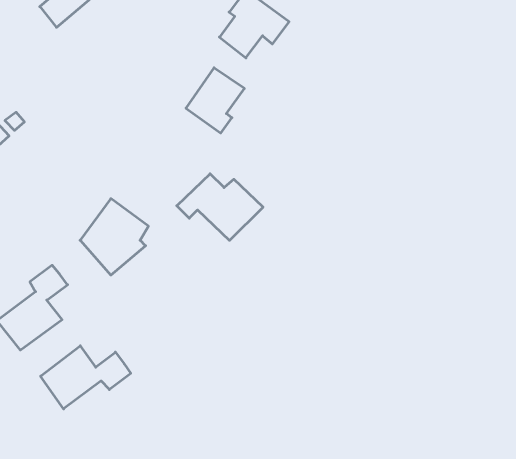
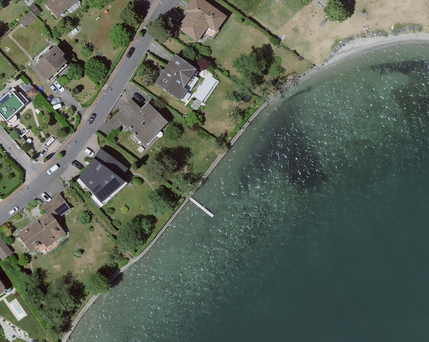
building: none -> [37,49,71,83]
building: [177,174,263,240] -> [106,96,168,144]
building: [41,346,131,409] -> none

